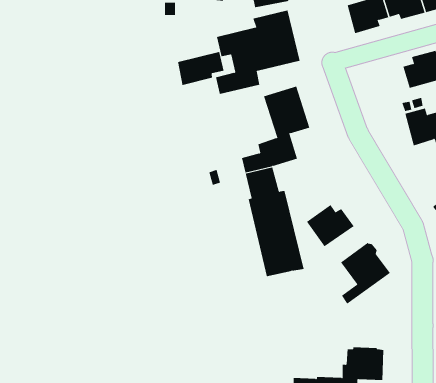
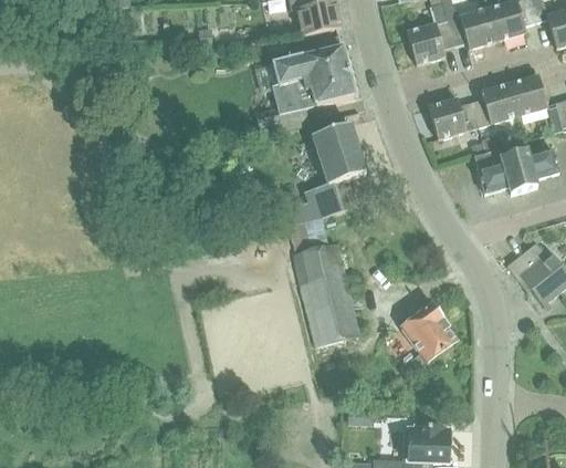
building: [177,51,224,86] -> none
building: none -> [430,97,480,138]
building: [306,204,355,247] -> none

